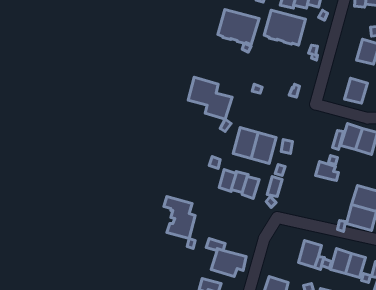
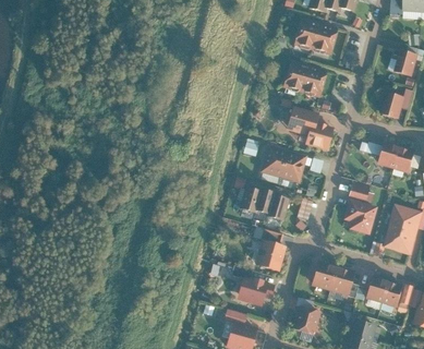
building: [218,9,259,44] -> [282,59,327,97]
building: [188,77,232,119] -> [286,105,334,151]
building: none -> [342,198,377,234]
building: [164,196,195,238] -> [252,226,286,272]
building: none -> [311,262,337,291]

